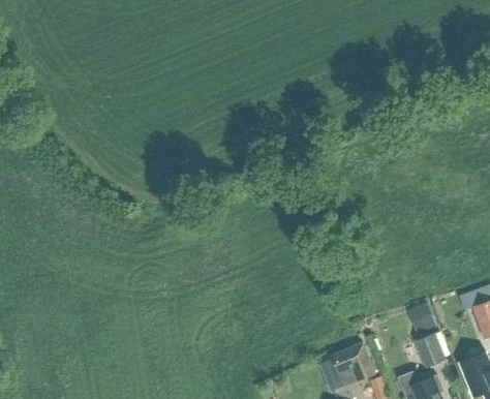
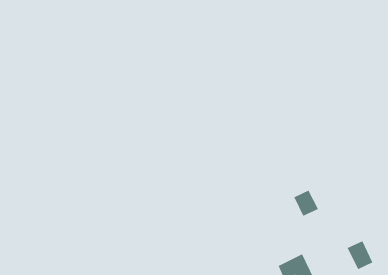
building: [407,302,436,333] -> [293,190,319,217]

